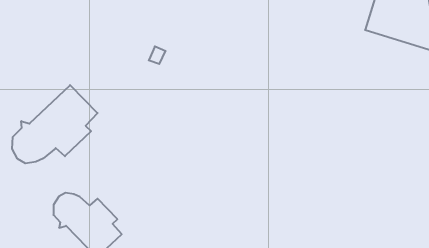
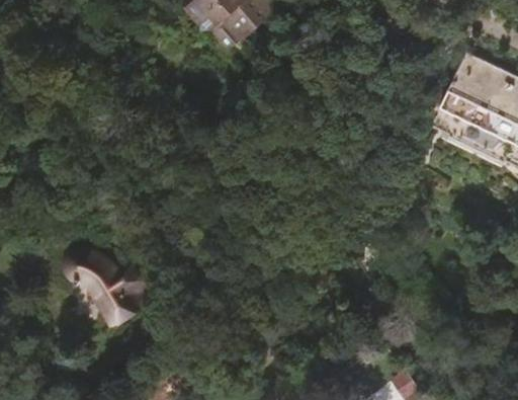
building: [12,85,98,163] -> none

